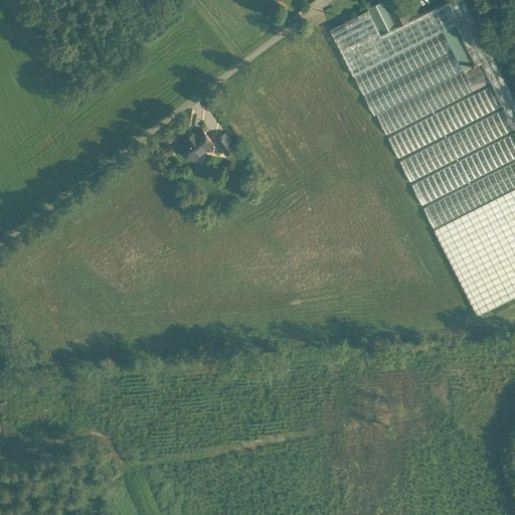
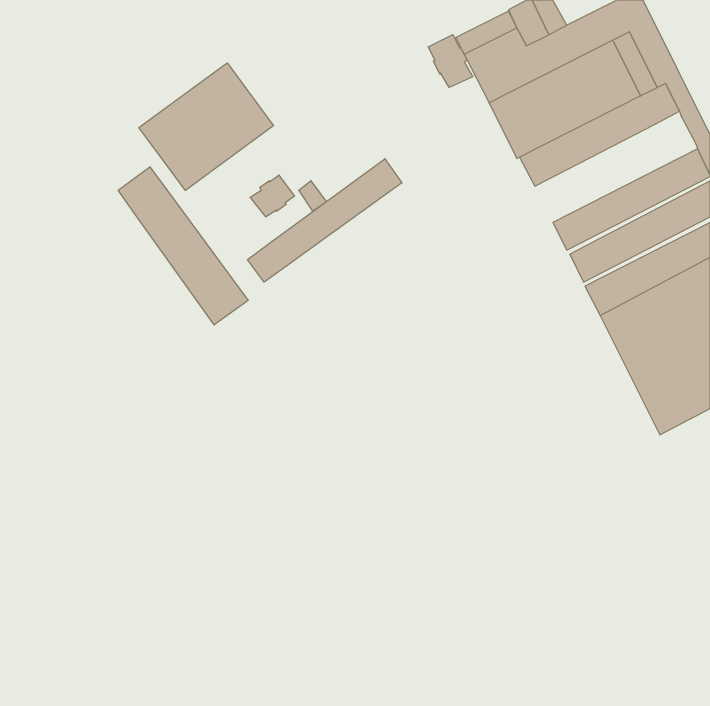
building: none -> [428,35,473,87]
building: none -> [139,63,273,190]
building: [388,87,504,161] -> none
building: none -> [247,159,402,282]
building: none -> [118,167,248,325]

